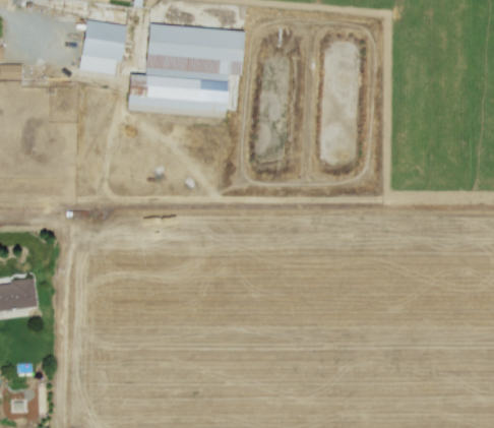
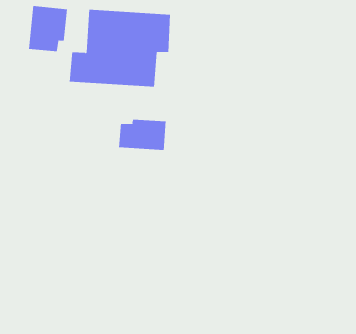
building: none -> [119,119,166,151]

